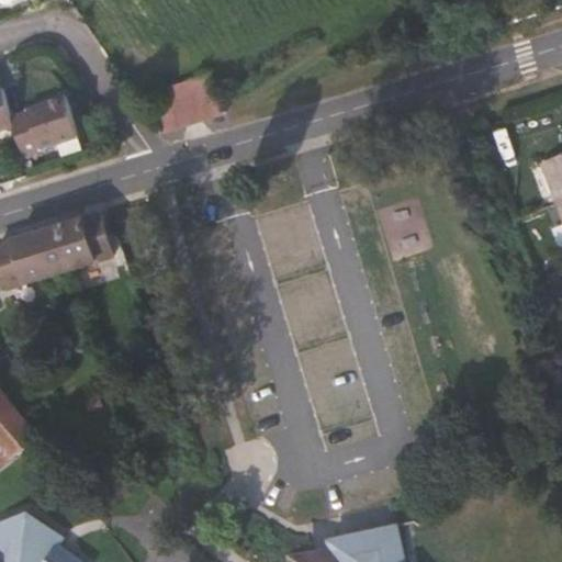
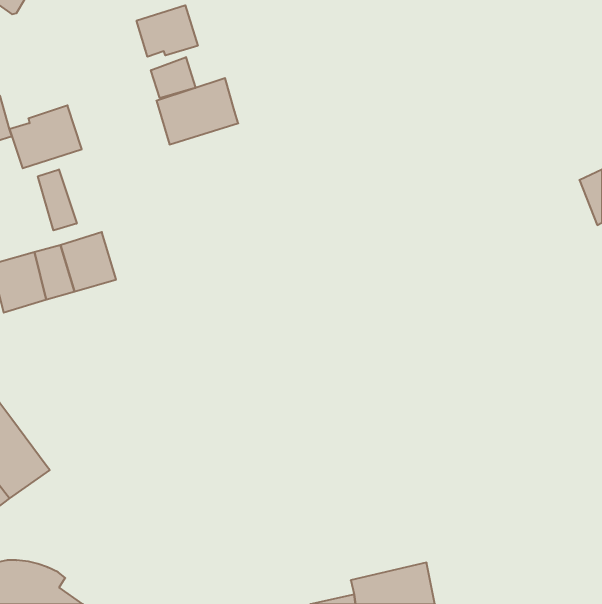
building: none -> [137,5,198,57]
building: none -> [151,57,196,98]
building: none -> [38,169,77,230]

